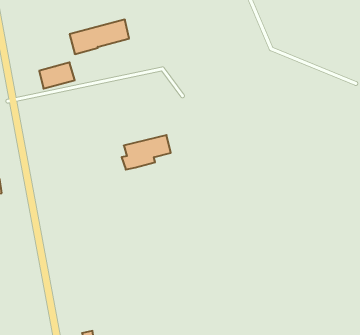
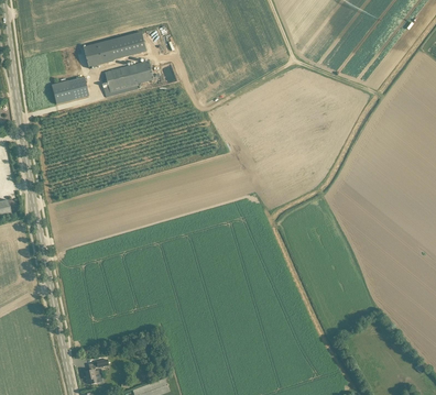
building: [122,135,171,170] -> [102,61,154,97]

